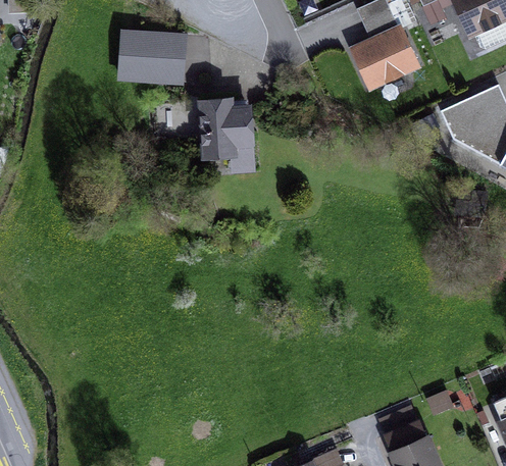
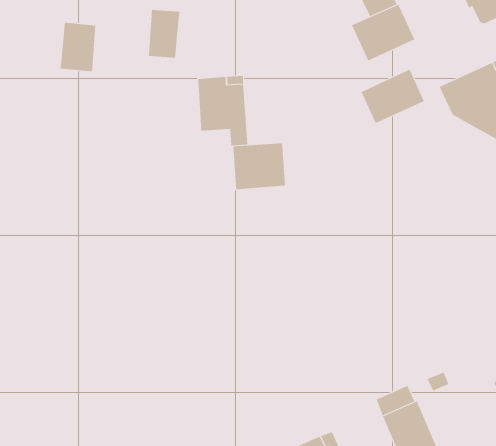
building: [120,32,156,81] -> [60,22,96,72]
building: none -> [361,69,425,124]
building: none -> [233,142,286,190]

